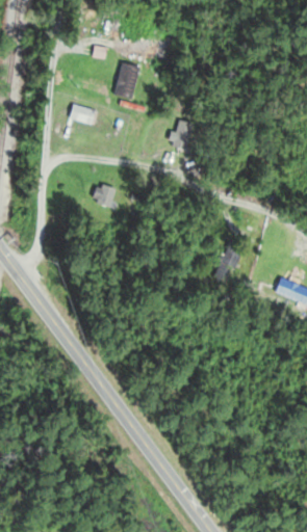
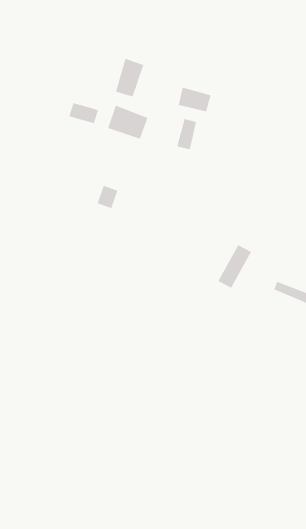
building: none -> [178,87,211,112]
building: none -> [107,105,148,140]

